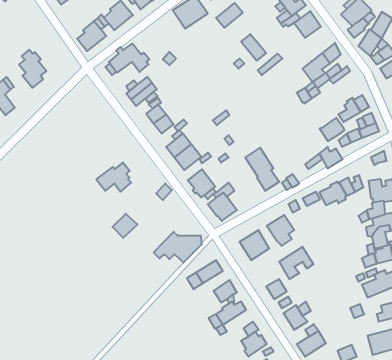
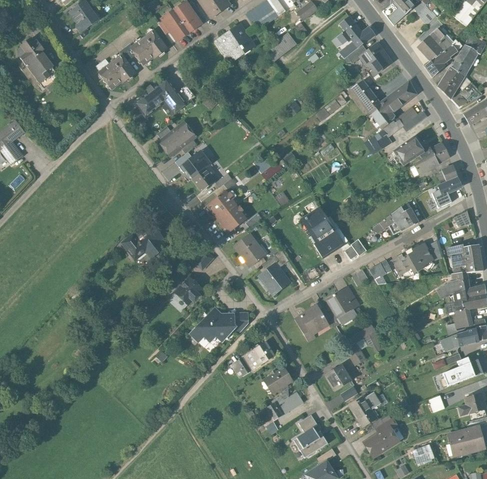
building: [241,34,266,61] -> [351,80,381,112]
building: [19,50,46,88] -> [20,39,53,85]
building: [320,118,345,141] -> [394,138,424,166]
building: [112,214,137,238] -> [174,277,204,306]

